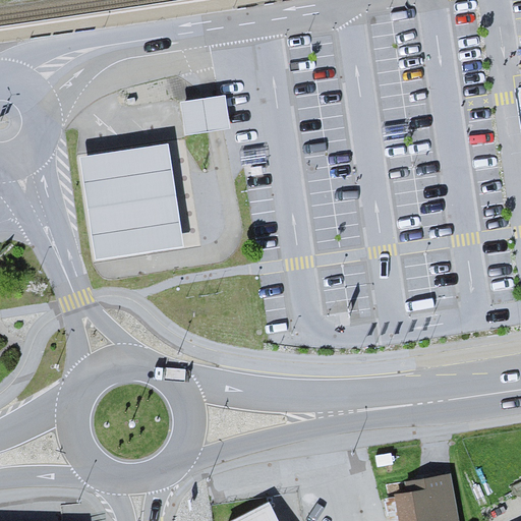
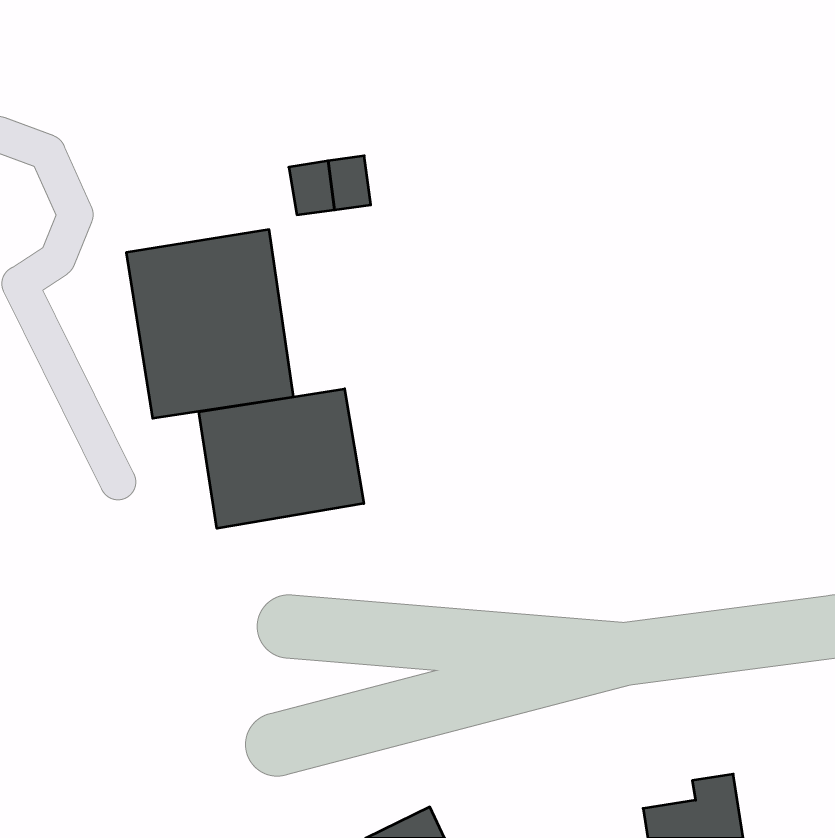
building: none -> [199,389,364,528]

